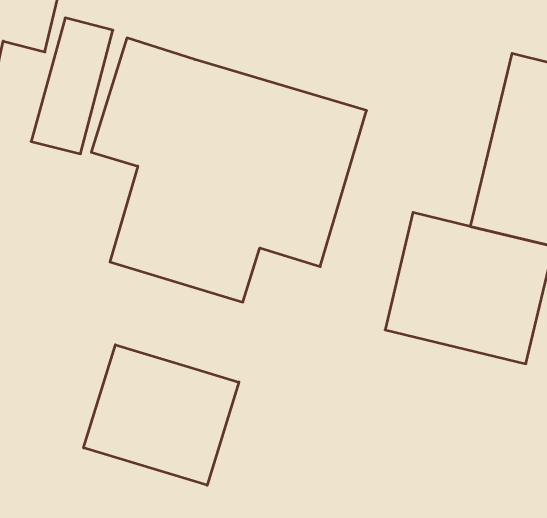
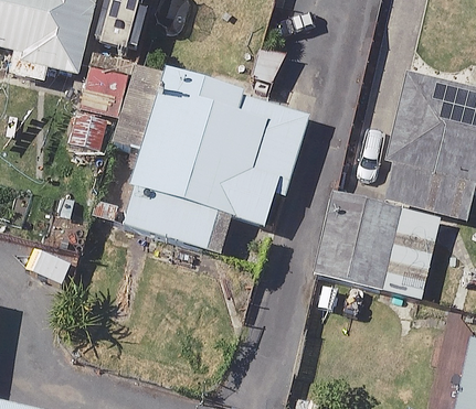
building: [84,345,239,485] -> none

